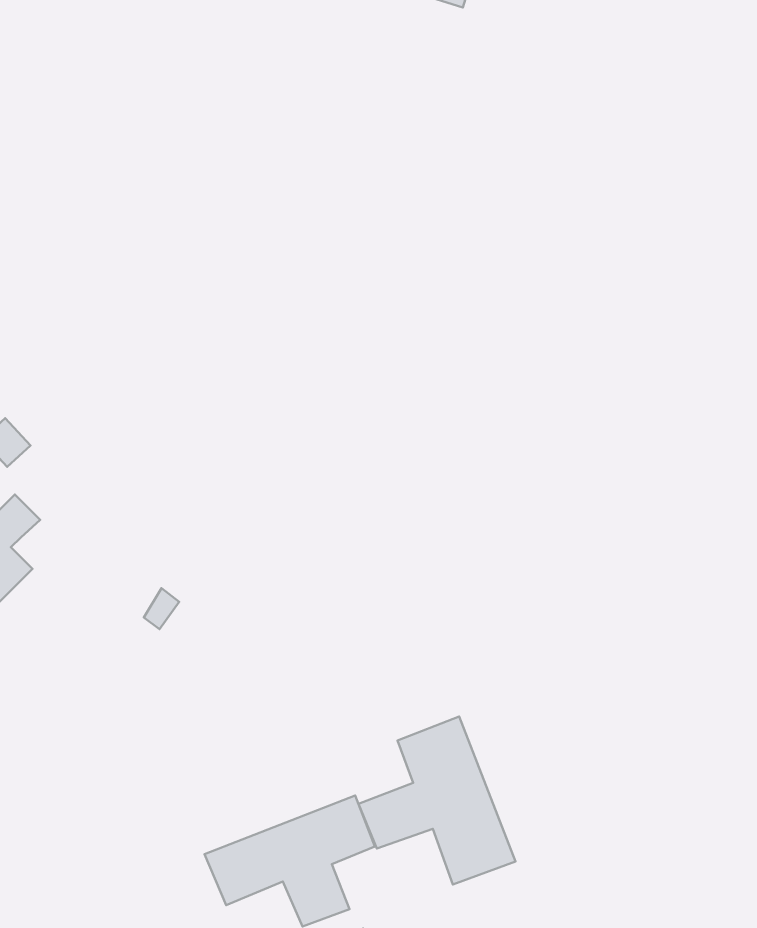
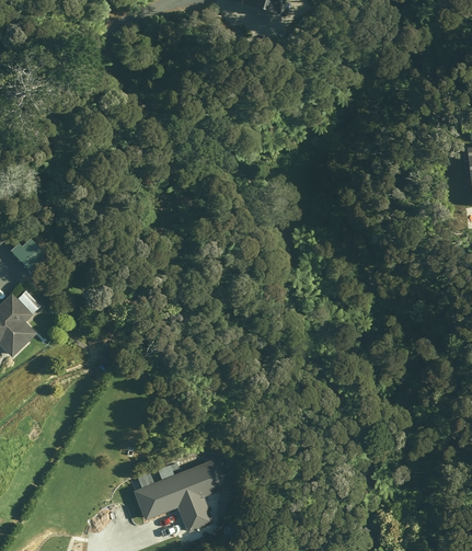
building: [358,716,516,884] -> none

